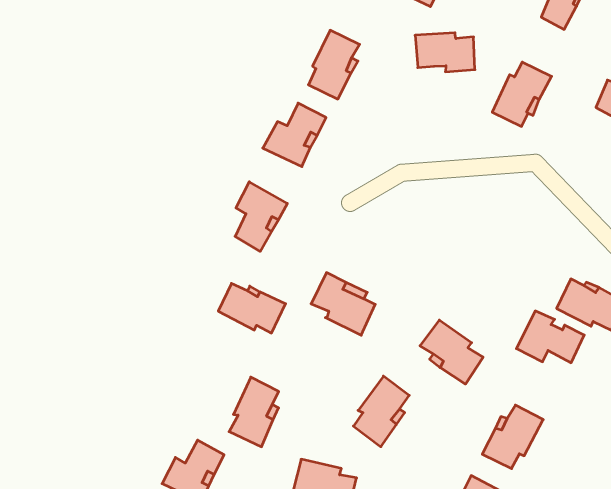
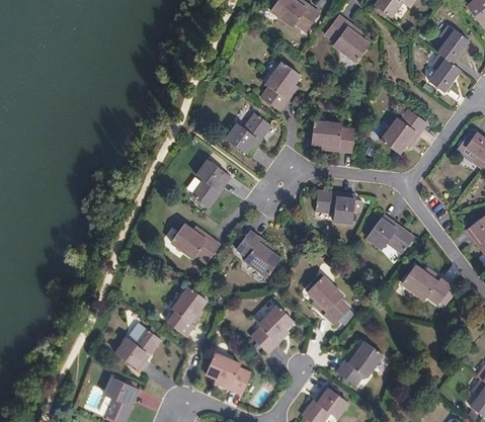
building: [415,33,475,72] -> [314,122,355,153]
building: none -> [315,191,355,224]
building: [516,311,584,363] -> [365,213,412,252]

